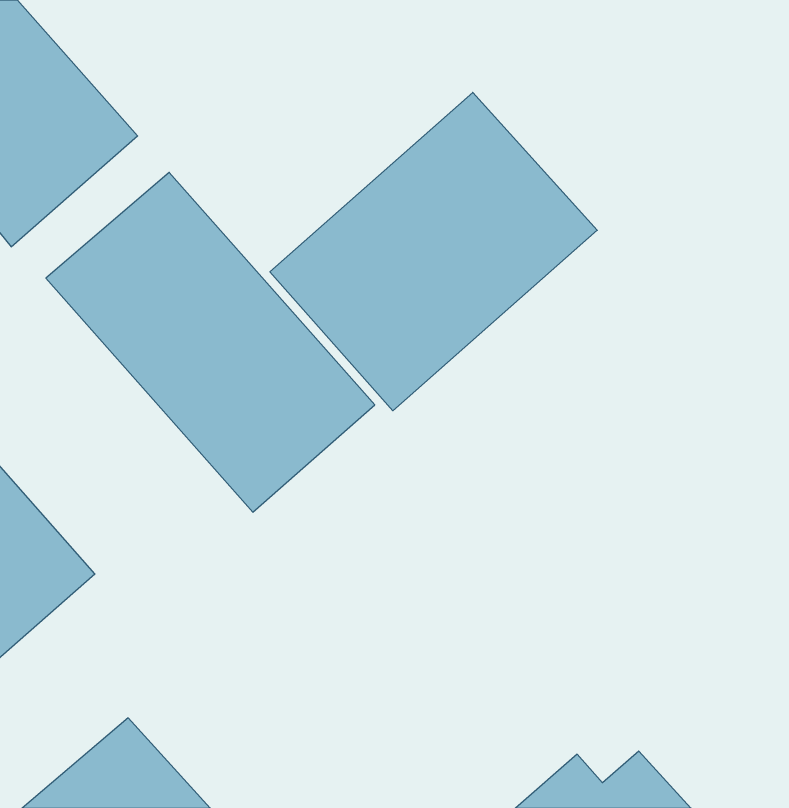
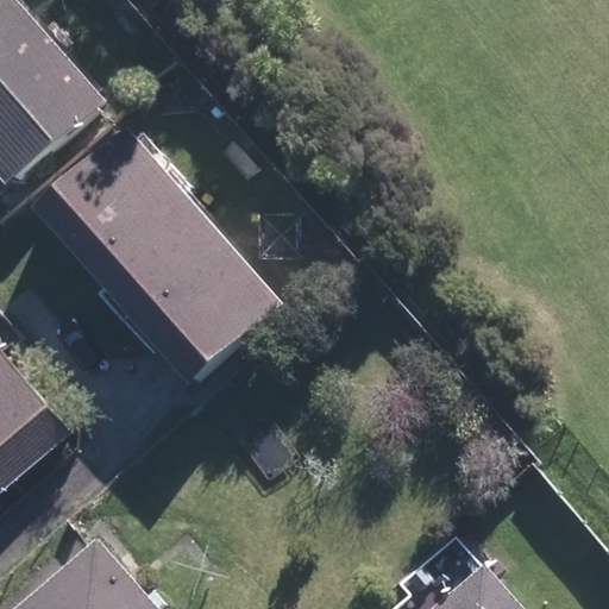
building: [270,92,597,411] -> none

